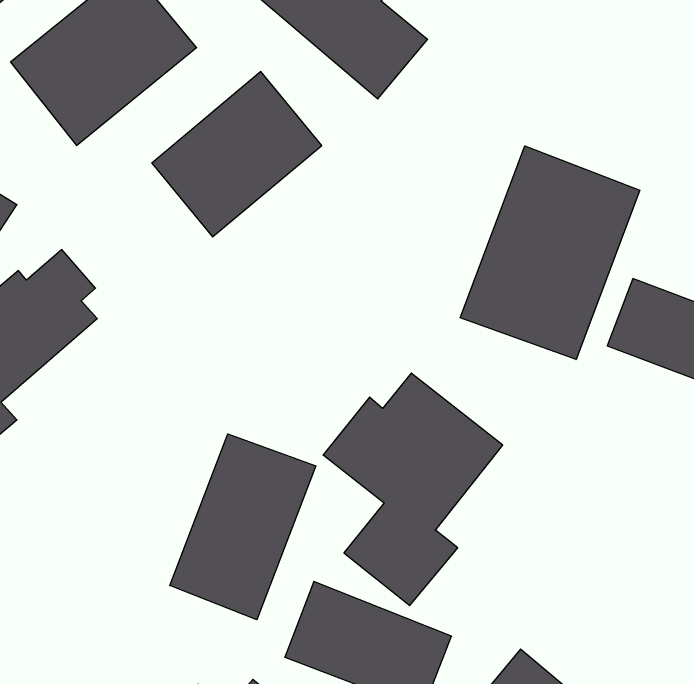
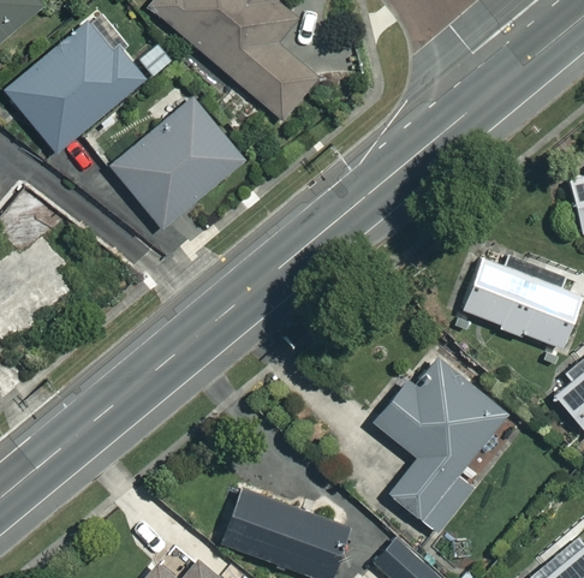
building: [460,146,640,360] -> none
building: [323,373,503,606] -> [369,356,503,530]
building: [170,434,316,620] -> none

